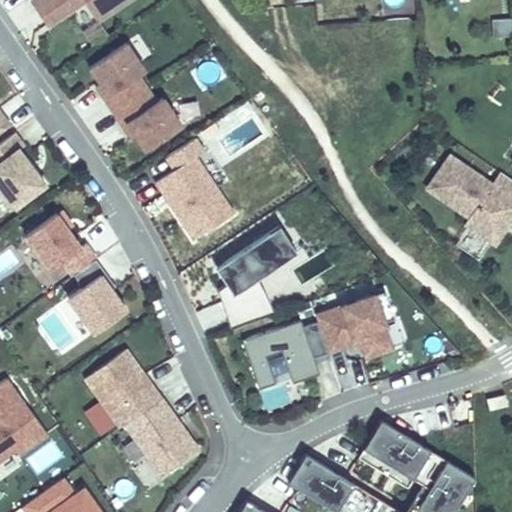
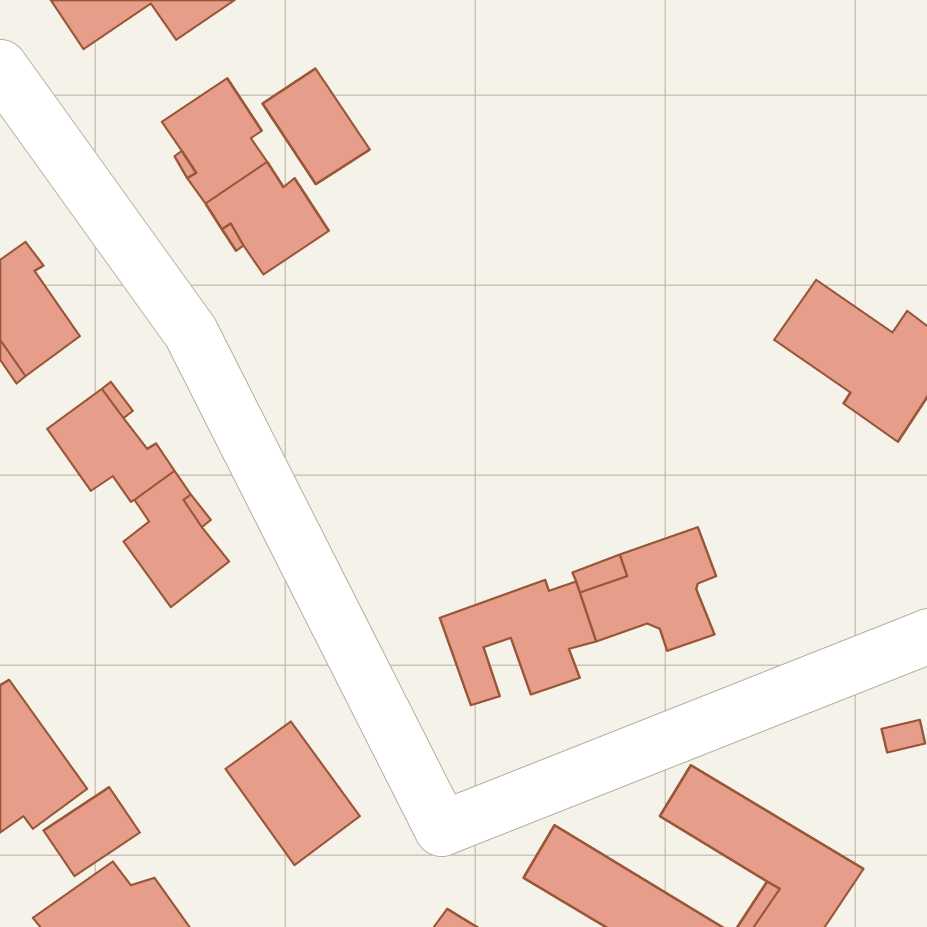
building: none -> [263,68,370,184]
building: [151,134,236,241] -> none
building: [214,219,302,325] -> none
building: [86,350,161,428] -> none

